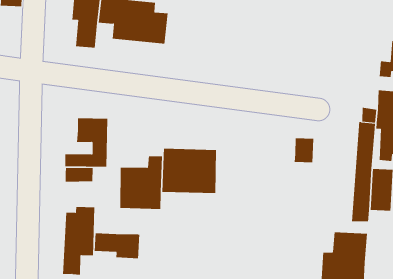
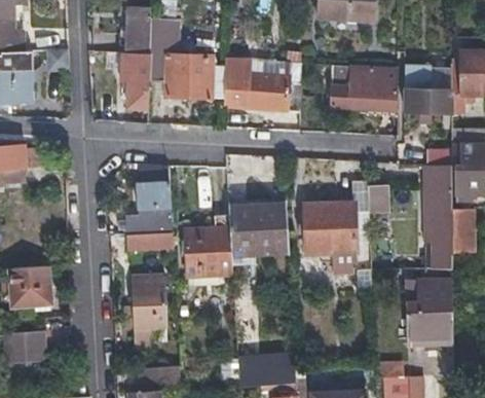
building: none -> [222,59,300,111]
building: none -> [332,65,396,109]
building: none -> [405,68,450,113]
building: none -> [303,200,356,263]
building: [94,233,140,259] -> none

